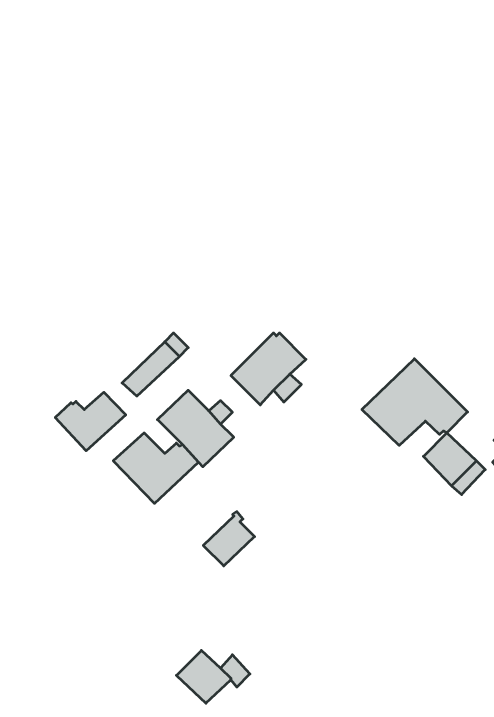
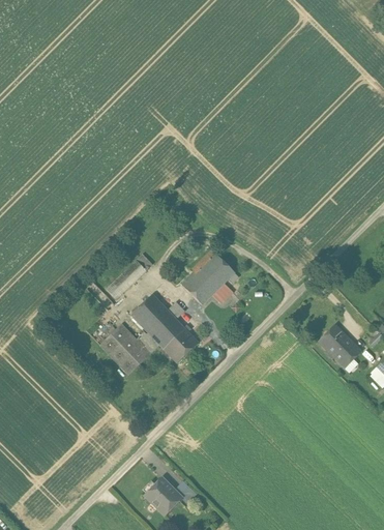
building: [362,359,468,445] -> none
building: [55,392,126,451] -> none
building: [203,512,255,566] -> [161,325,198,363]

